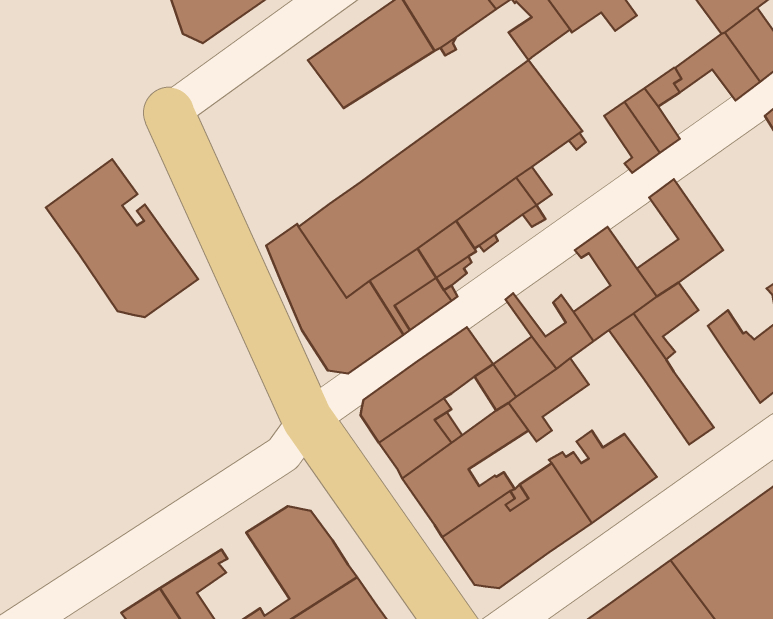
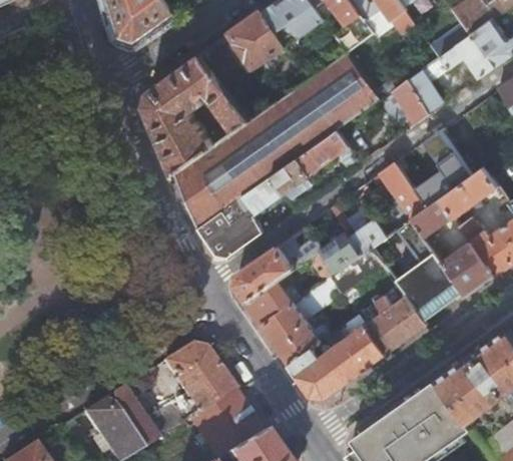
building: none -> [145,53,250,173]
building: [46,159,198,317] -> none
building: none -> [442,167,498,217]
building: none -> [439,241,495,296]
building: none -> [395,261,449,320]

